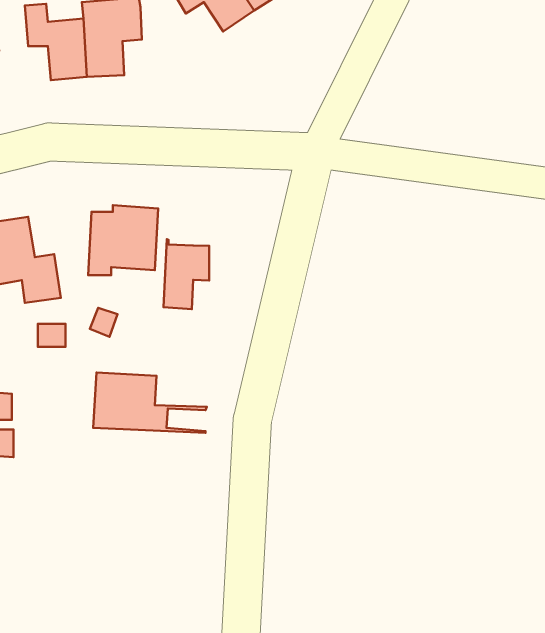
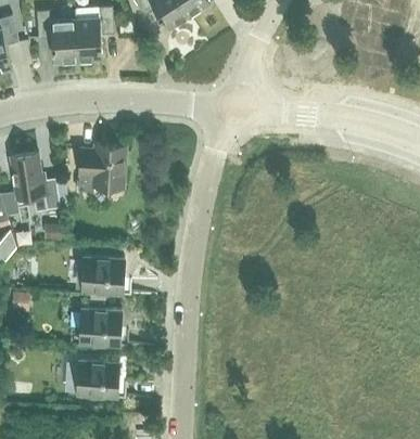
building: [163,239,209,309] -> none
building: none -> [79,309,154,349]
building: none -> [77,361,152,401]

